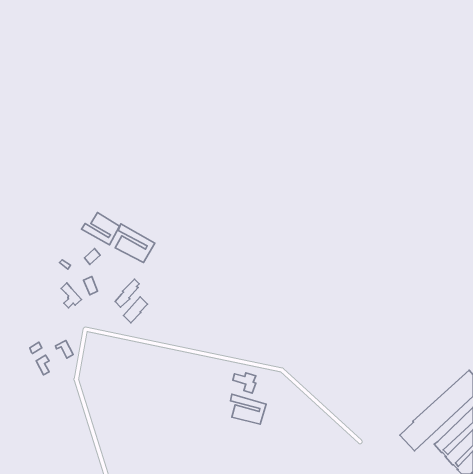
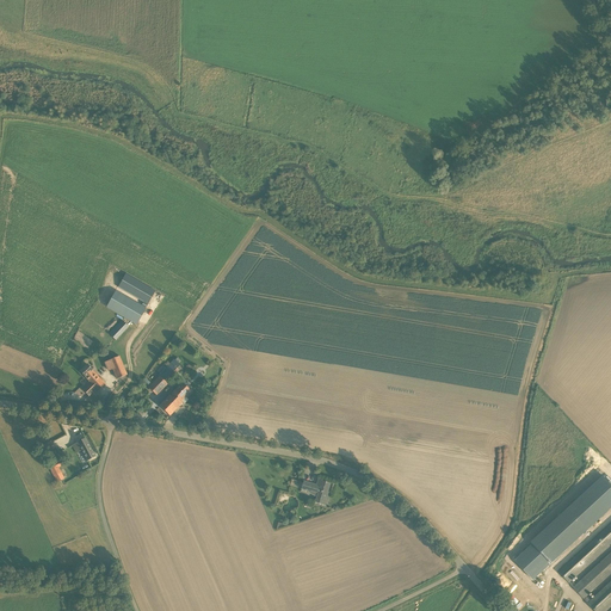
building: [115,224,155,262] -> none
building: [231,394,266,424] -> none

